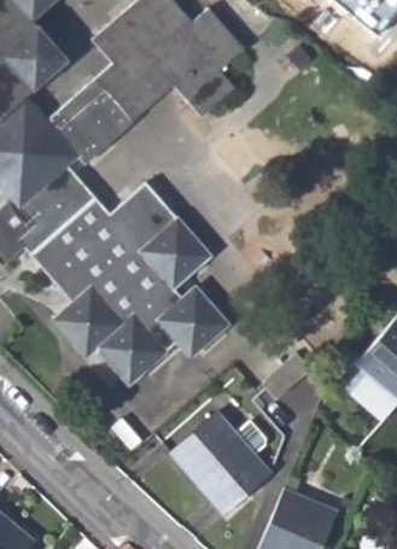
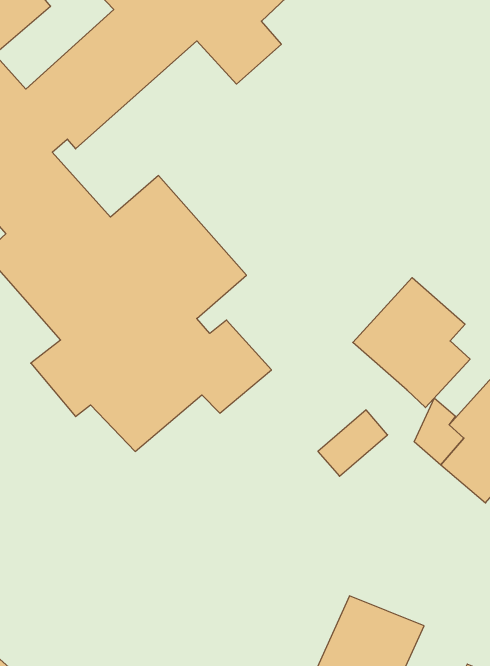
building: none -> [353,278,470,408]
building: [170,417,269,515] -> none

